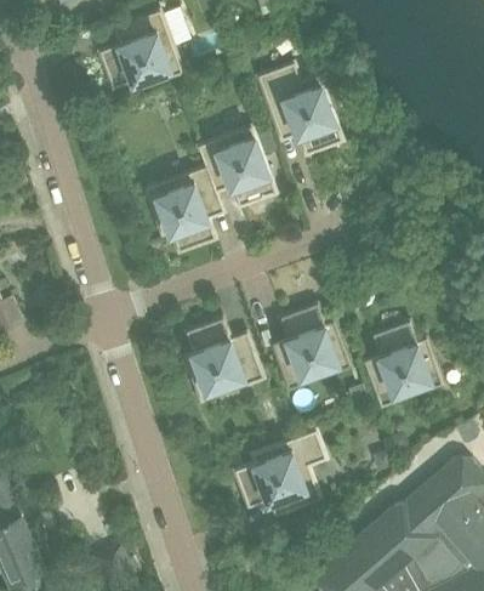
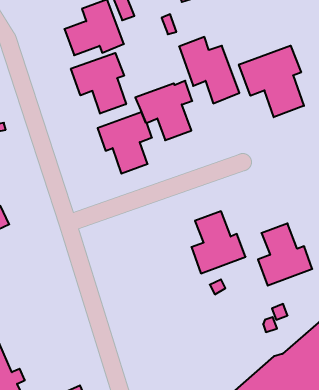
building: none -> [239,46,304,117]
building: none -> [71,53,126,114]
building: [186,318,263,400] -> none
building: [235,430,326,512] -> none

